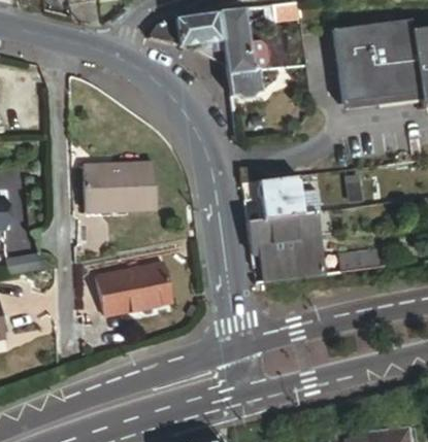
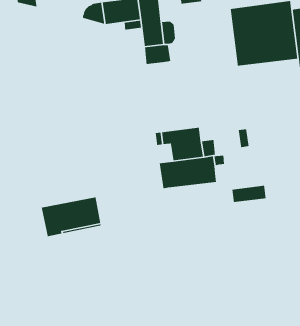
building: [84,163,157,212] -> none
building: [258,246,323,281] -> none

